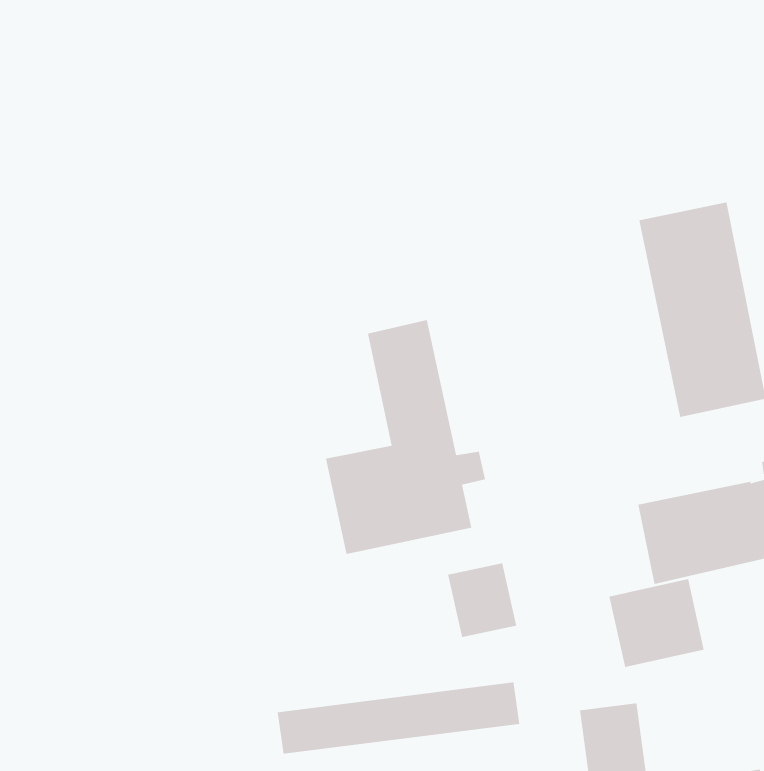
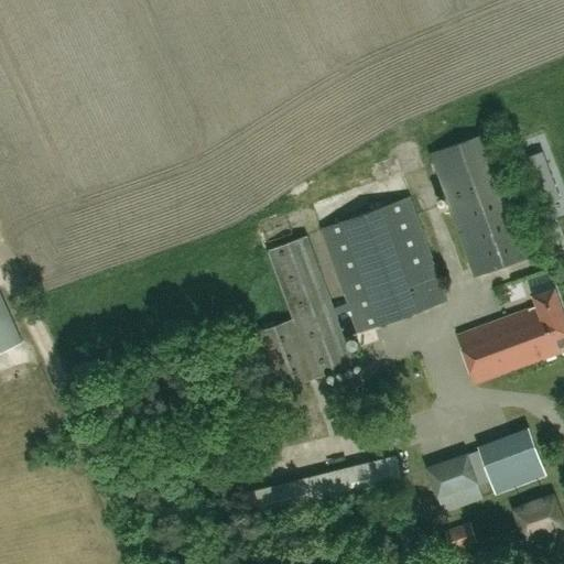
building: none -> [322,198,442,330]
building: [448,562,517,638] -> none
building: [609,579,705,668] -> [477,431,543,494]

